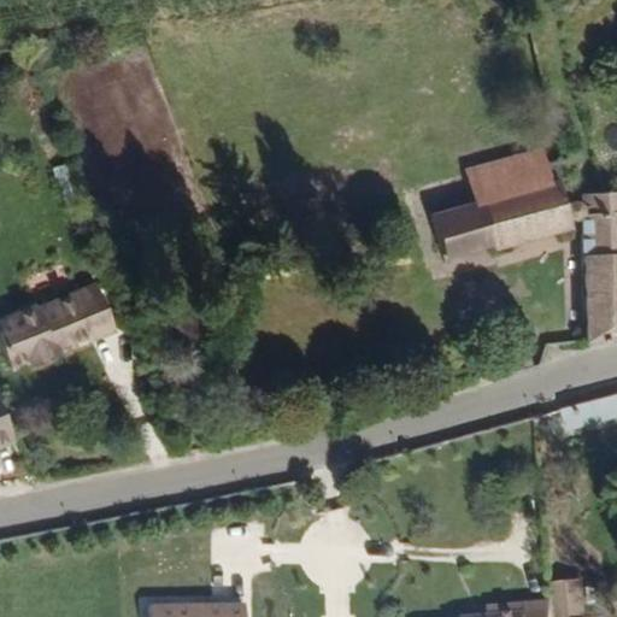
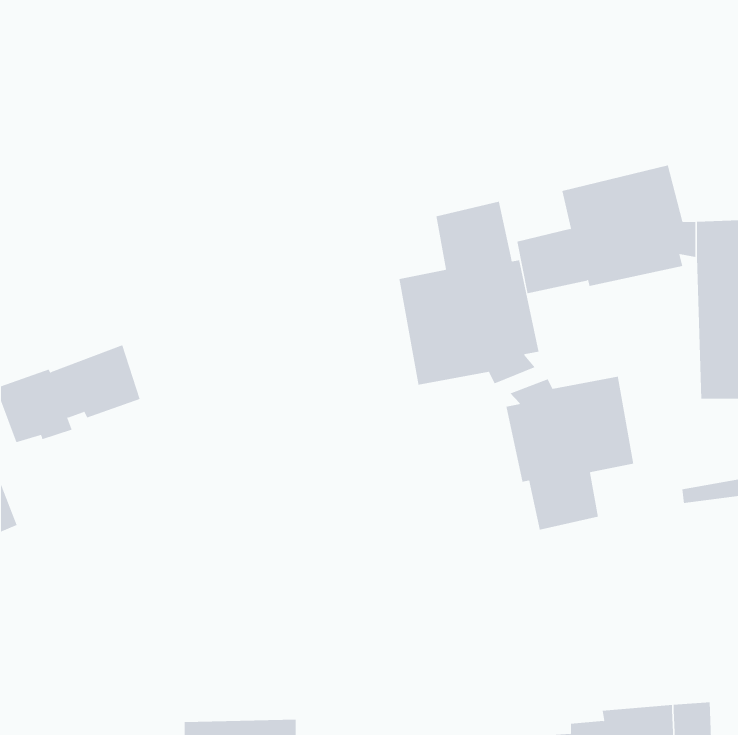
building: none -> [399,201,539,385]
building: none -> [506,376,634,531]

